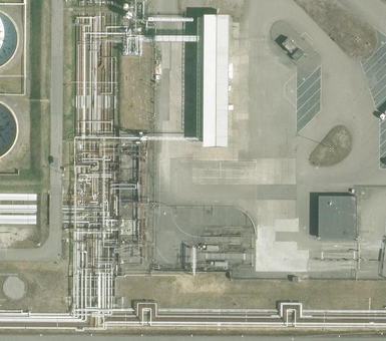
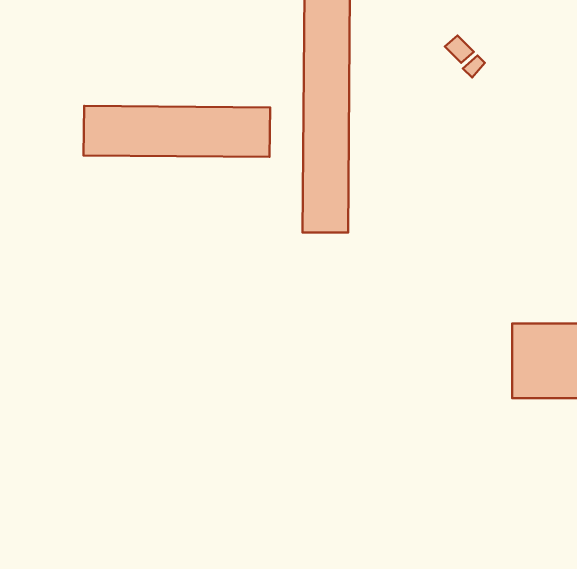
building: none -> [83,106,270,157]

